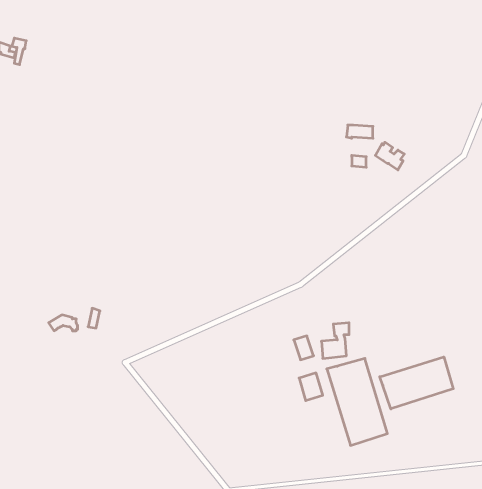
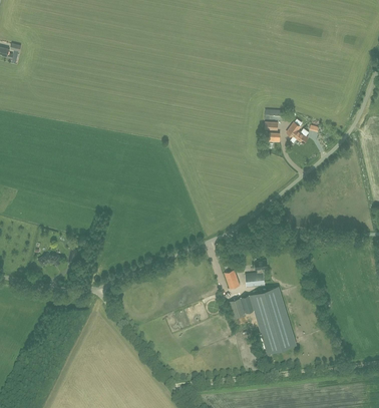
building: [380,357,453,409] -> none

